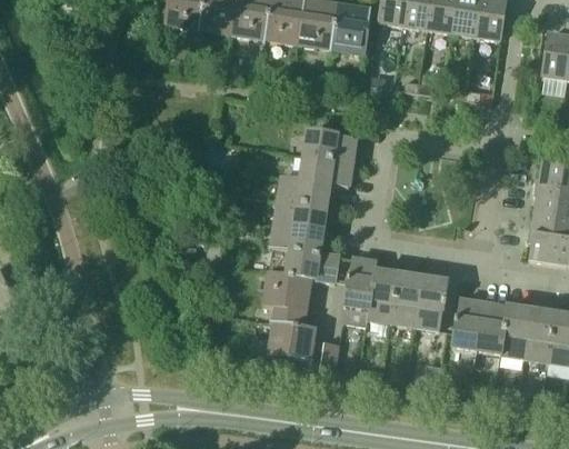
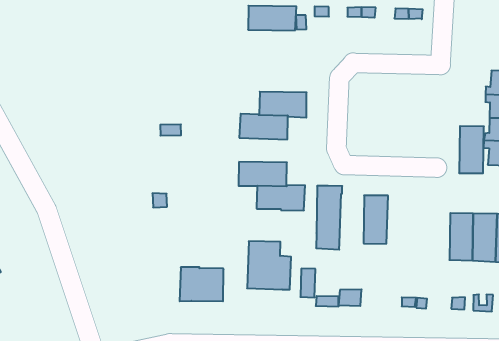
building: [305,130,357,161] -> [248,6,296,30]
building: [274,199,327,230] -> none
building: [367,269,398,322] -> none
building: [262,270,311,310] -> [180,267,224,301]
building: [415,277,447,329] -> none
building: [452,299,483,350] -> [459,126,484,173]

